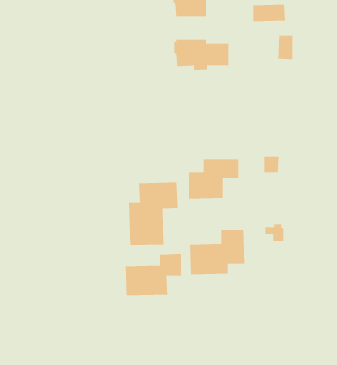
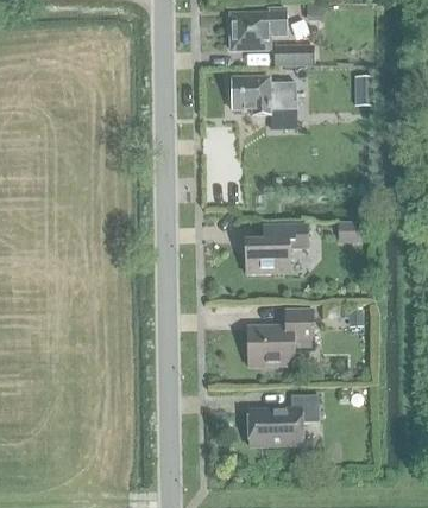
building: [253,4,286,22] -> [273,43,314,64]
building: [129,182,178,246] -> none
building: [125,254,182,296] -> [250,393,319,444]

